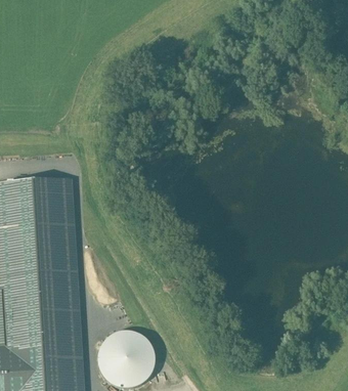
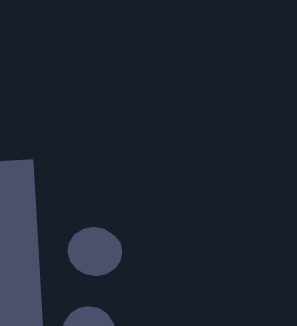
building: none -> [67,226,123,277]

